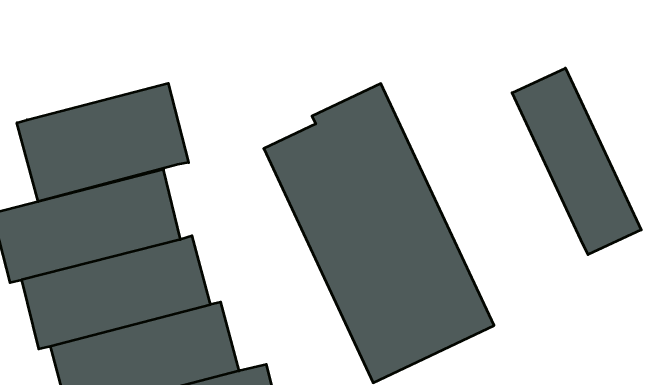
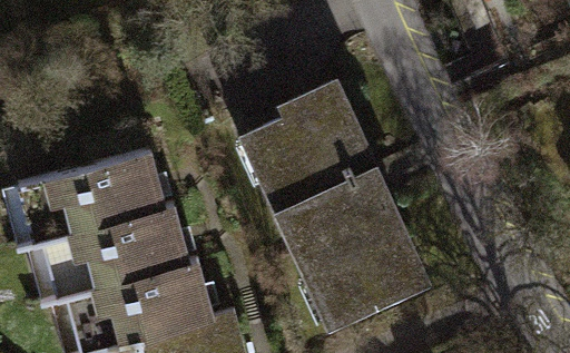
building: [512,68,641,255] -> none
building: [17,83,189,202] -> none

